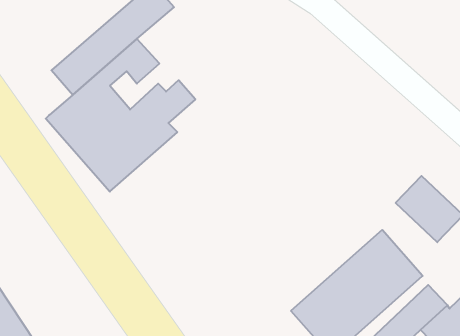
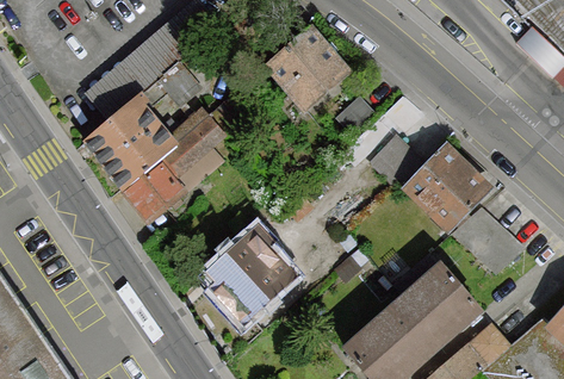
building: none -> [262,24,351,111]
building: none -> [370,133,491,230]
building: none -> [205,228,296,325]

